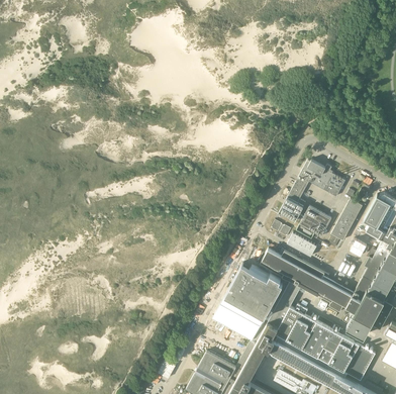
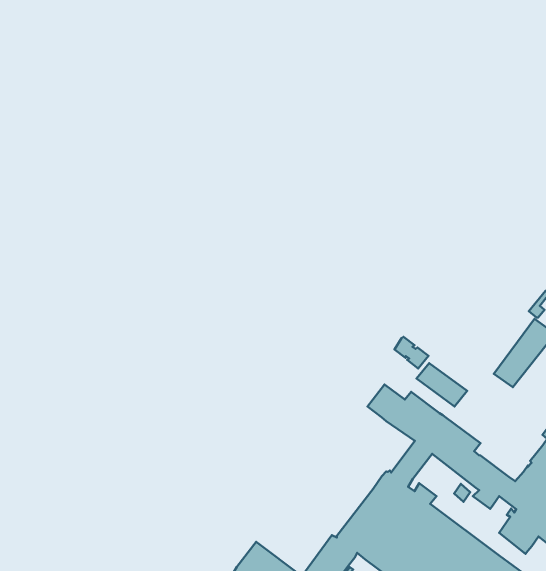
building: [278,161,344,239] -> none
building: [212,263,290,340] -> none

